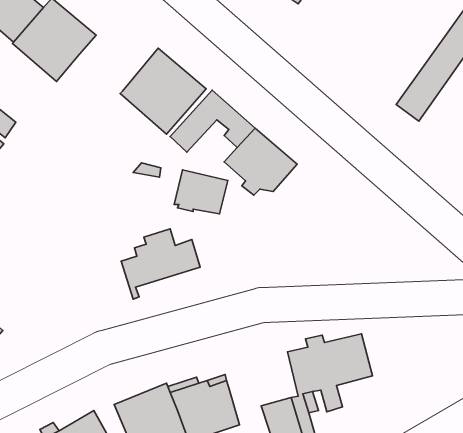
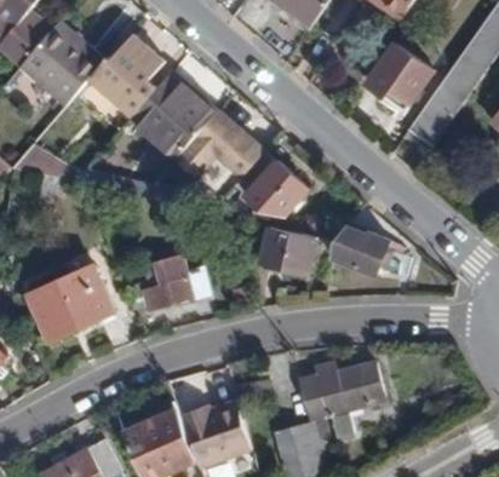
building: none -> [87,35,162,115]
building: none -> [369,45,434,109]
building: [174,170,228,214] -> [263,225,317,270]
building: none -> [333,225,390,274]
building: none -> [29,265,115,341]

